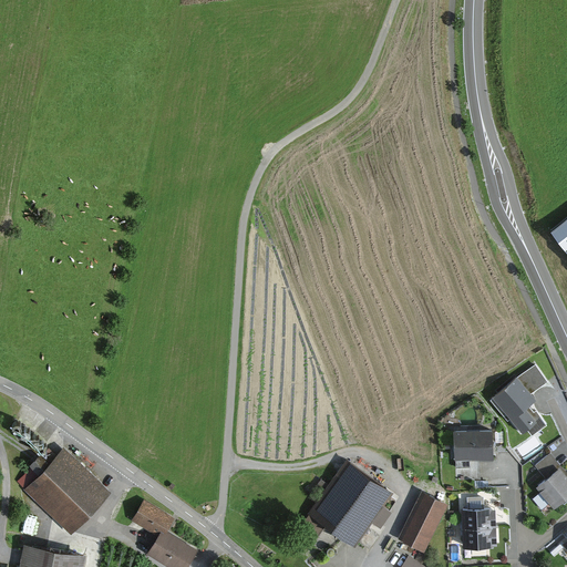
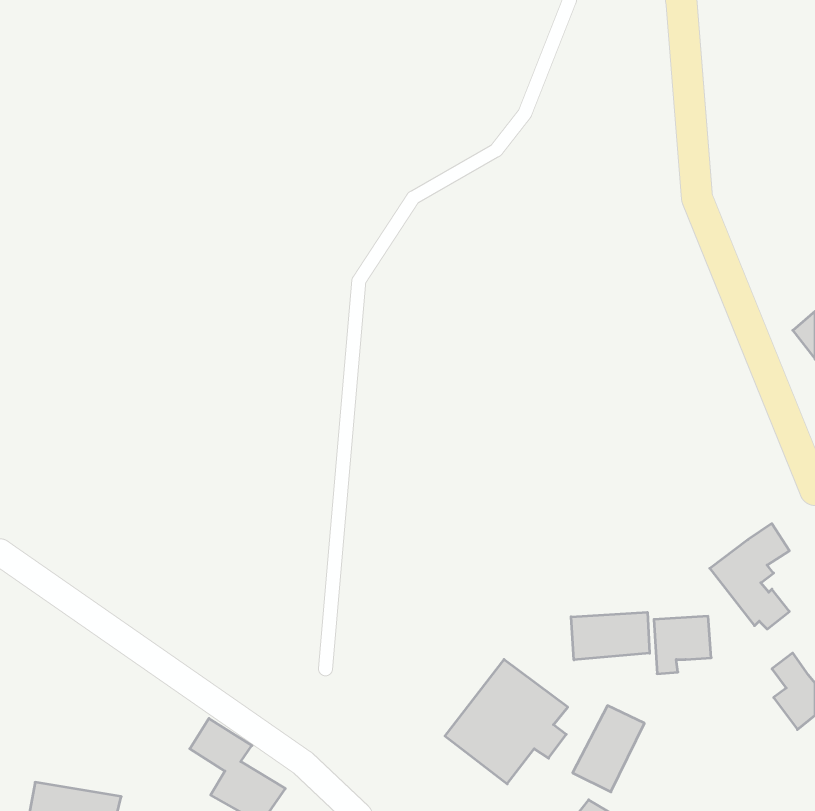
building: none -> [571,612,650,660]
building: [24,451,110,534] -> none
building: [460,508,496,548] -> none

